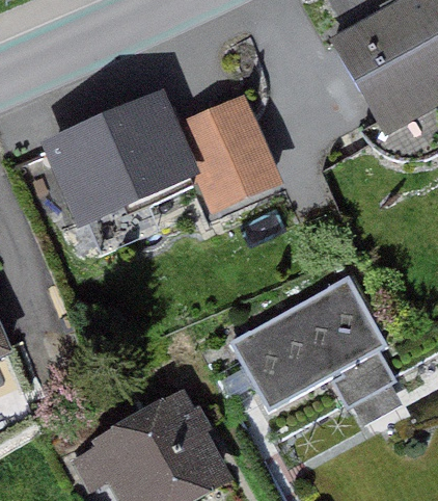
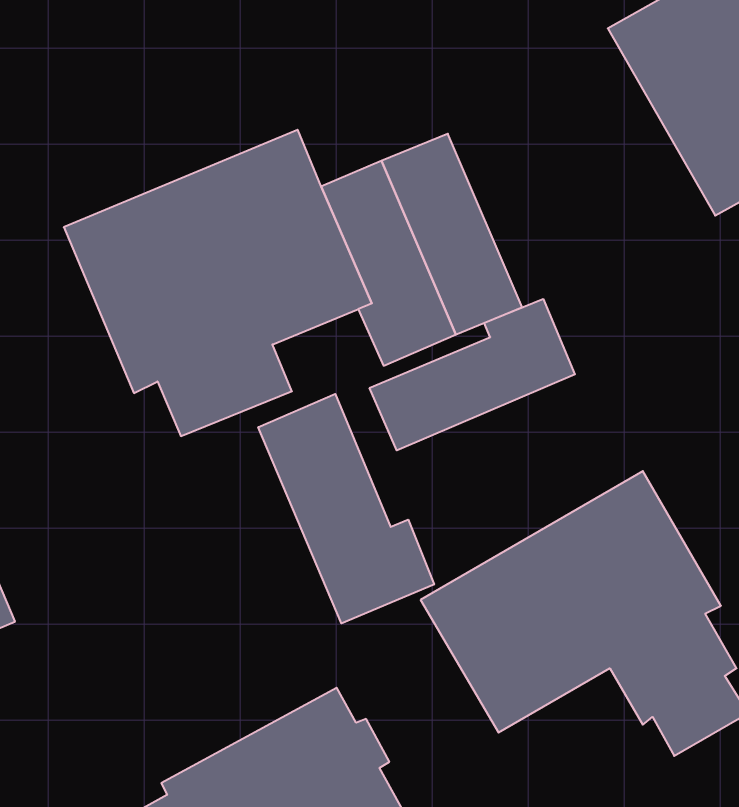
building: none -> [370,299,575,450]
building: none -> [258,394,434,623]

